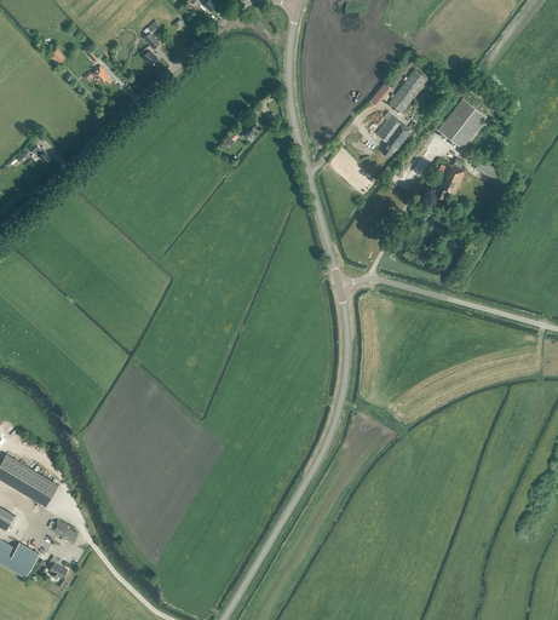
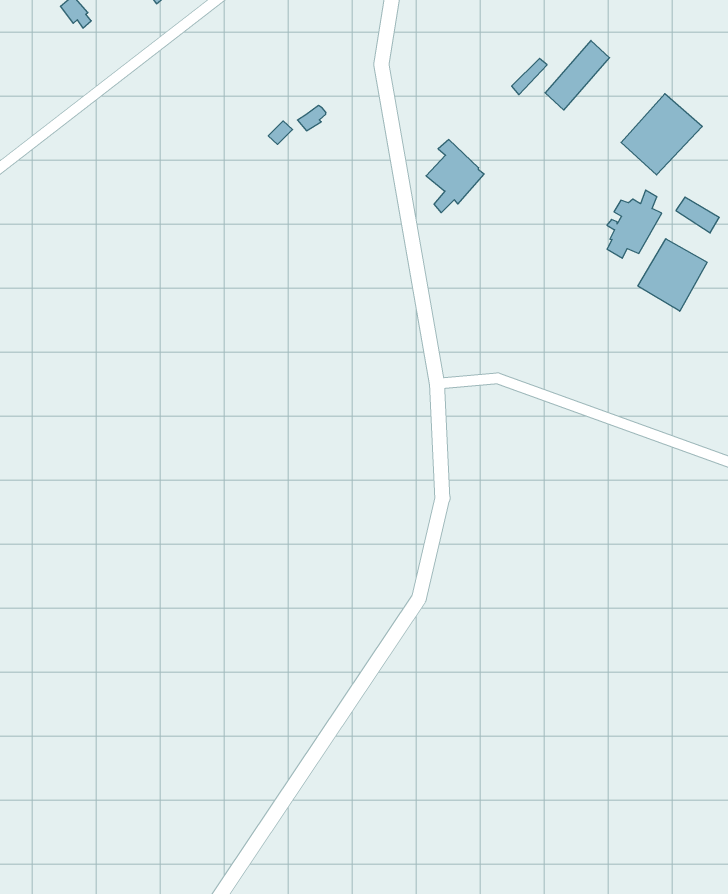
building: [375,111,410,156] -> [426,140,484,213]
building: none -> [638,239,707,311]

